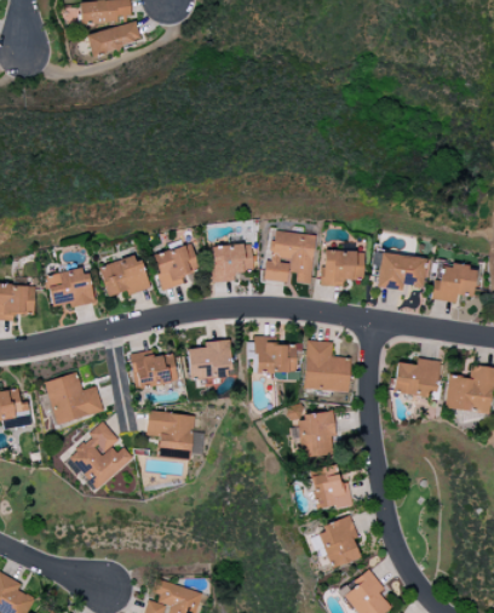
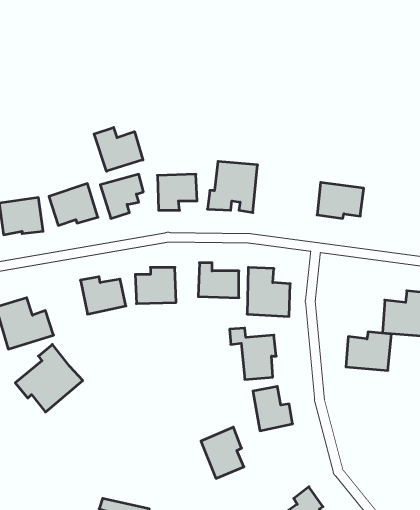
building: none -> [94,127,143,171]
building: [322,250,364,286] -> none
building: [431,264,477,302] -> none
building: [394,357,441,397] -> [346,332,391,370]
building: [147,411,194,459] -> none
building: [316,515,361,568] -> [201,427,244,478]

